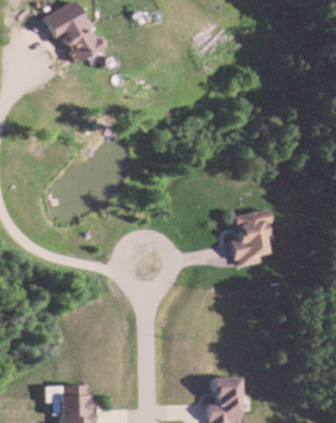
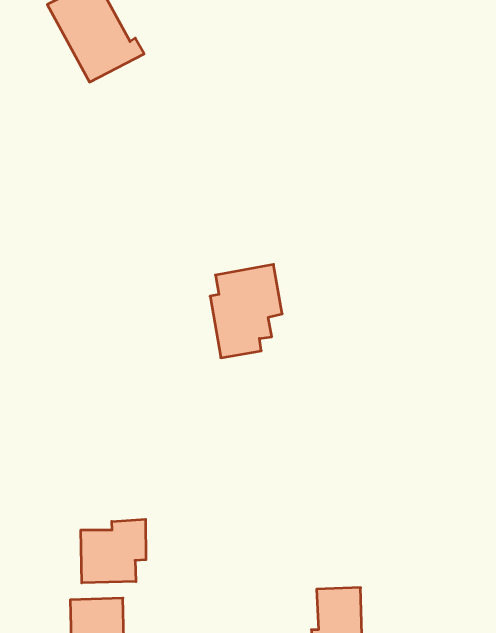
building: [229,209,274,267] -> [210,264,282,358]
building: none -> [81,519,146,583]

